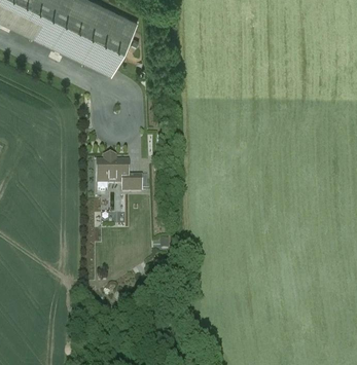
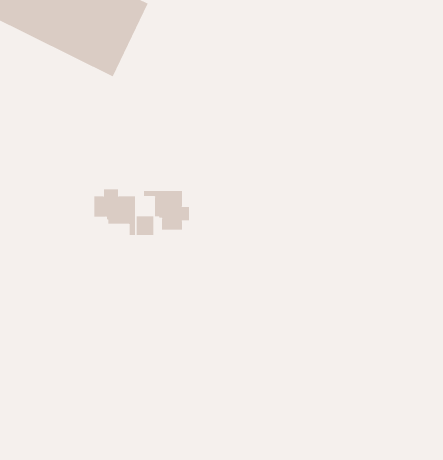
building: none -> [143,190,189,230]

